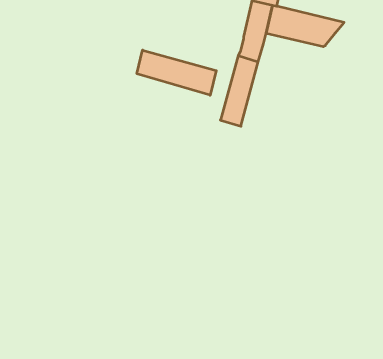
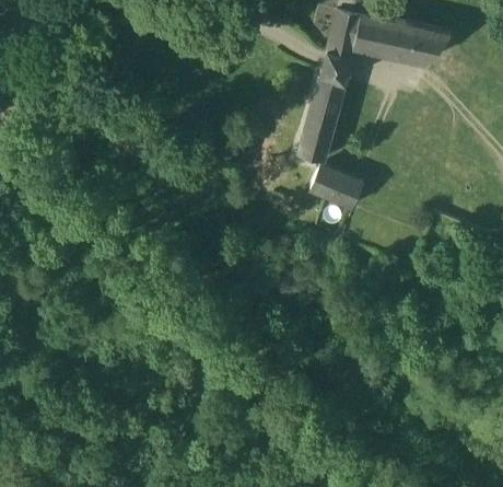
building: [137,50,216,95] -> none
building: none -> [309,166,364,209]

